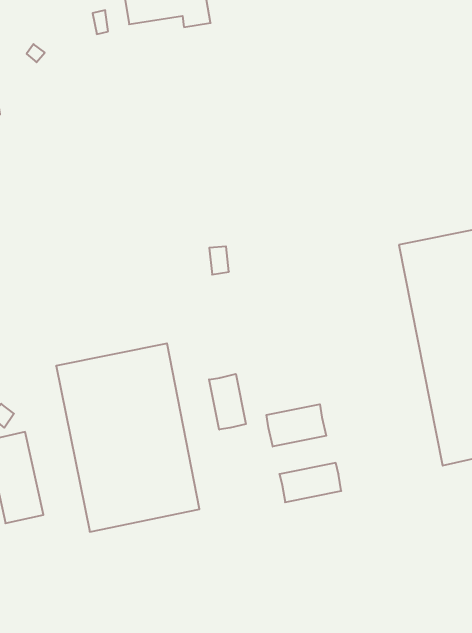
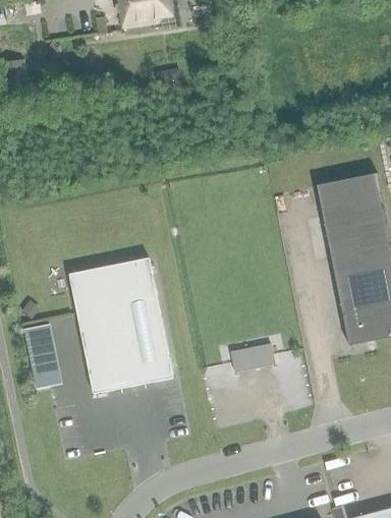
building: [209,374,246,430] -> none
building: [266,404,326,447] -> none

